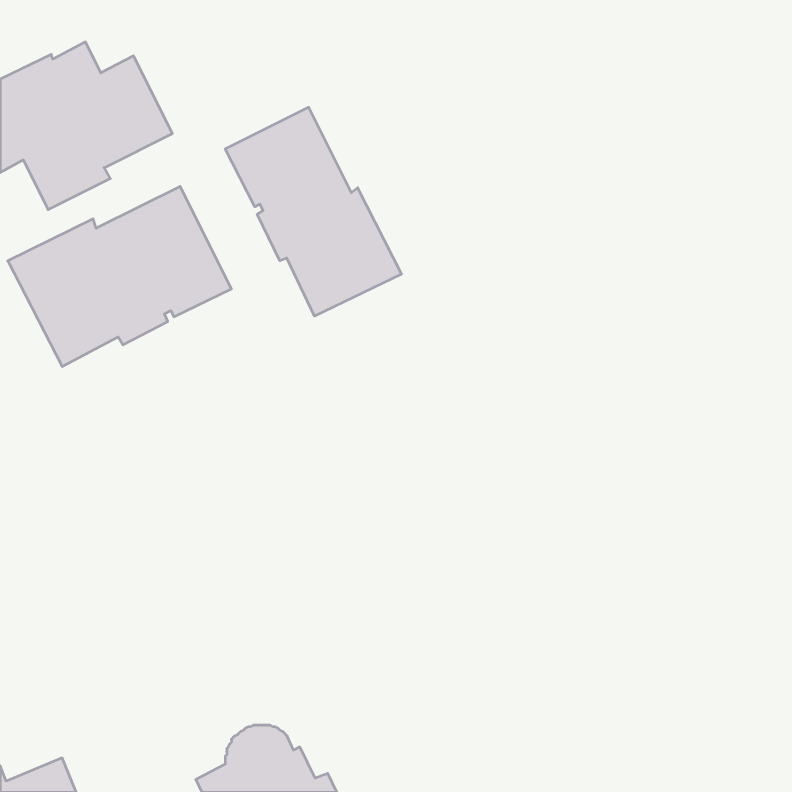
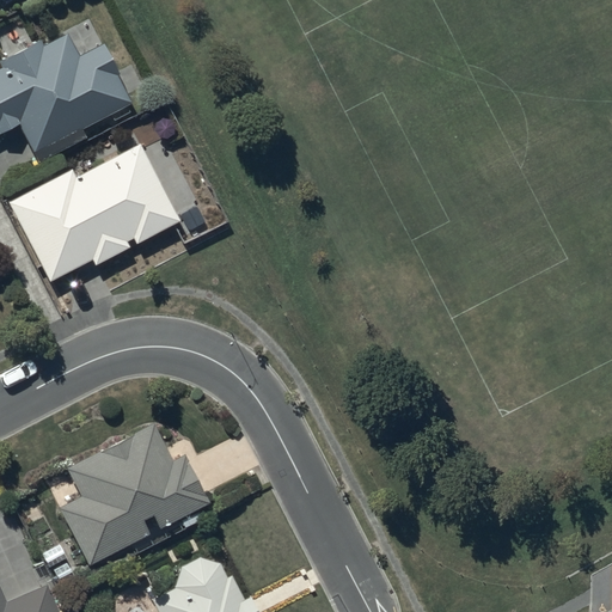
building: [225,107,401,316] -> none
building: none -> [60,423,209,565]

